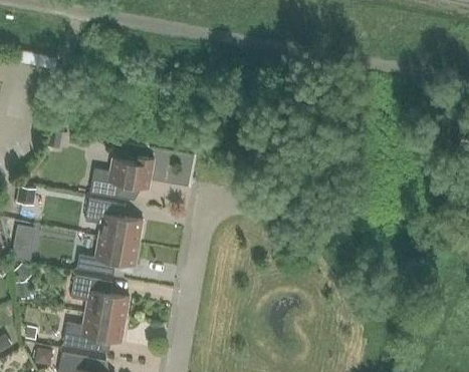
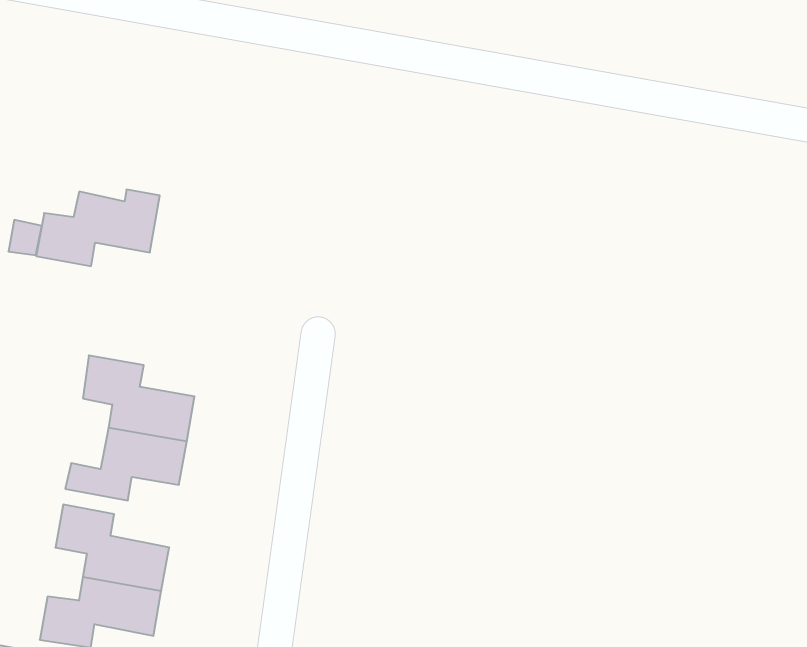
building: [89,157,153,197] -> [36,190,160,266]

